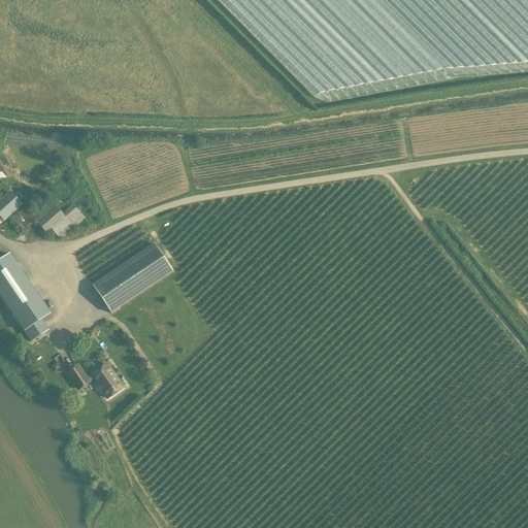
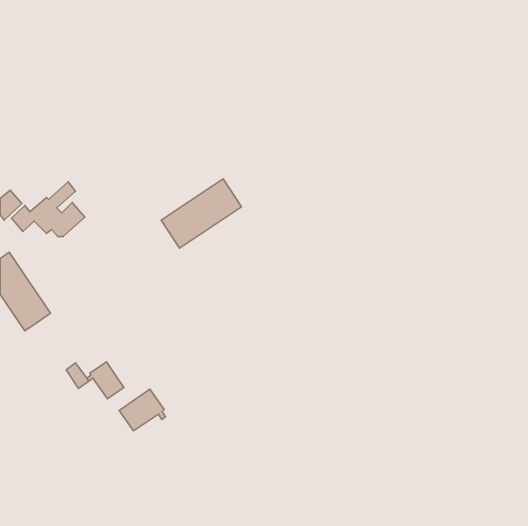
building: [92,242,172,311] -> [161,179,242,248]
building: none -> [119,389,165,431]

